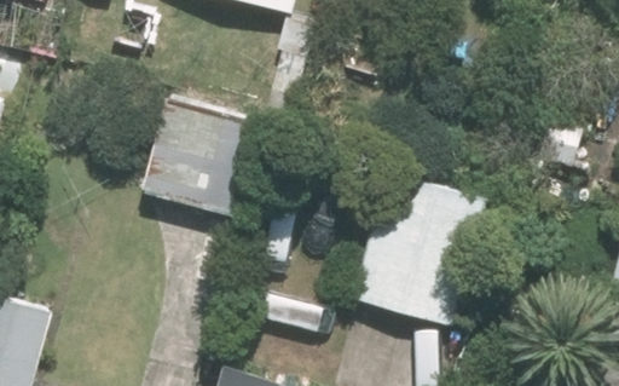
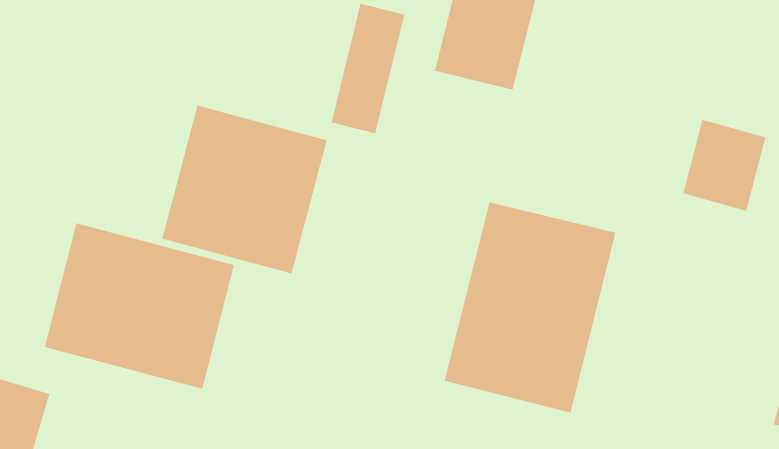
building: none -> [44,223,234,389]

